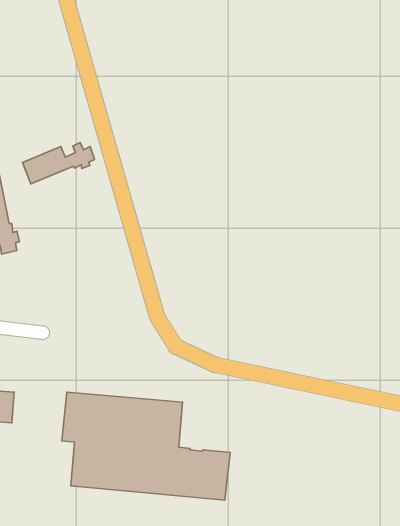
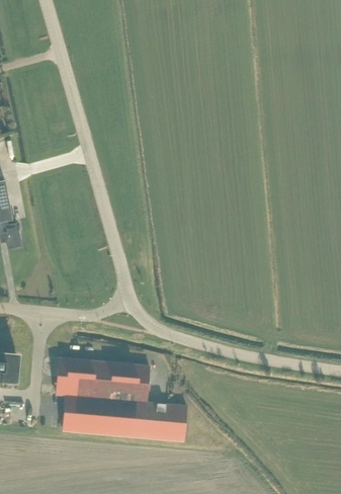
building: [22,142,95,184] -> none

